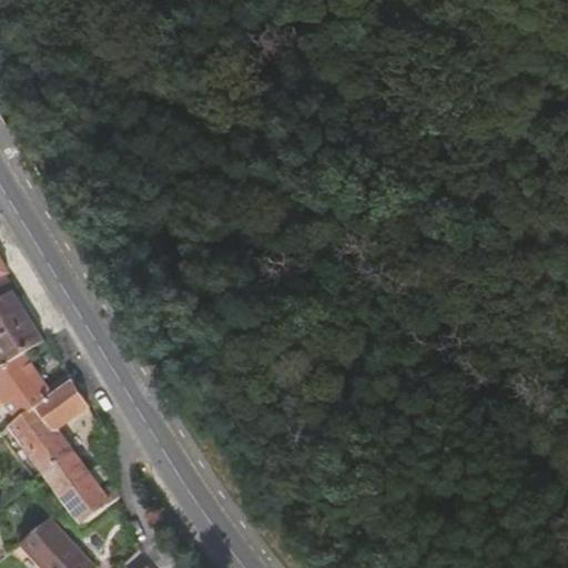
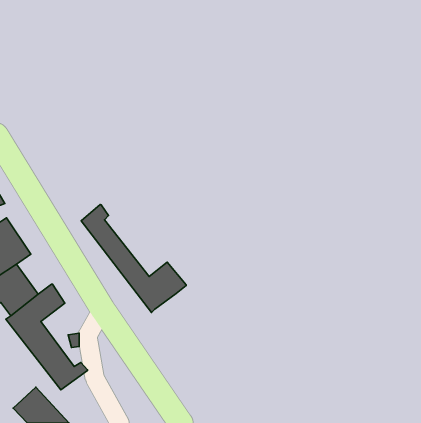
building: none -> [81,204,186,313]

